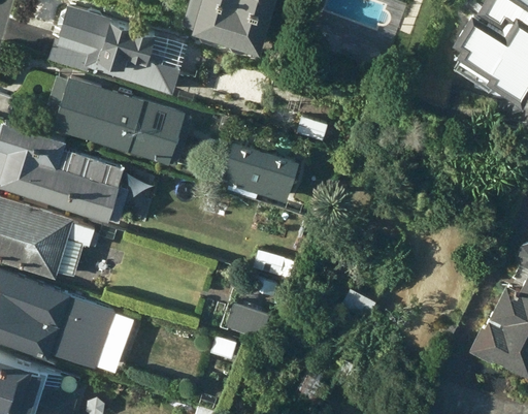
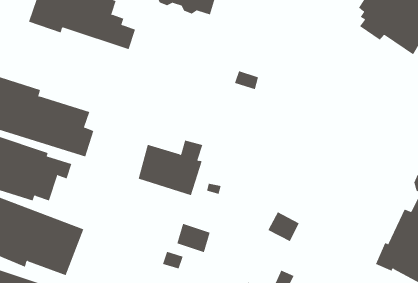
building: [40,75,191,165] -> none
building: [219,134,298,202] -> [138,140,203,196]

